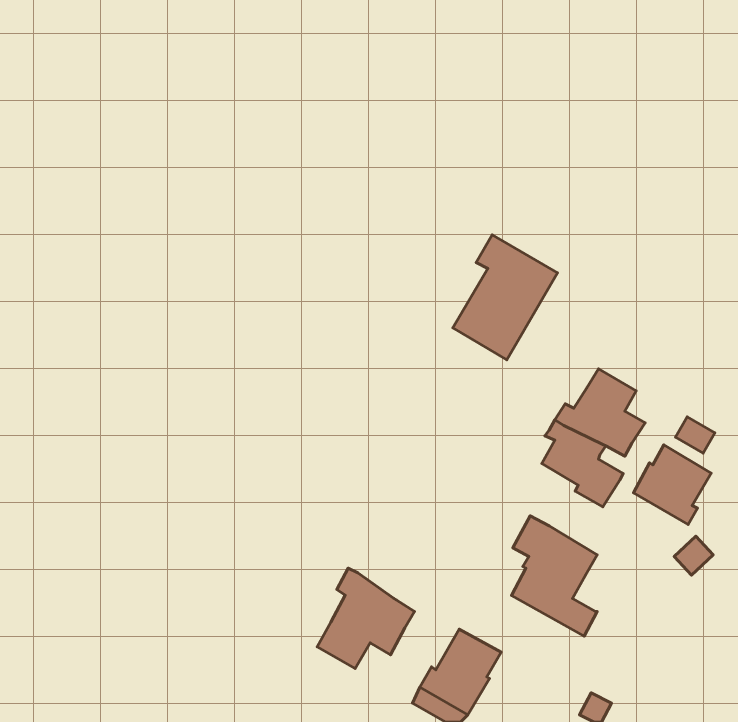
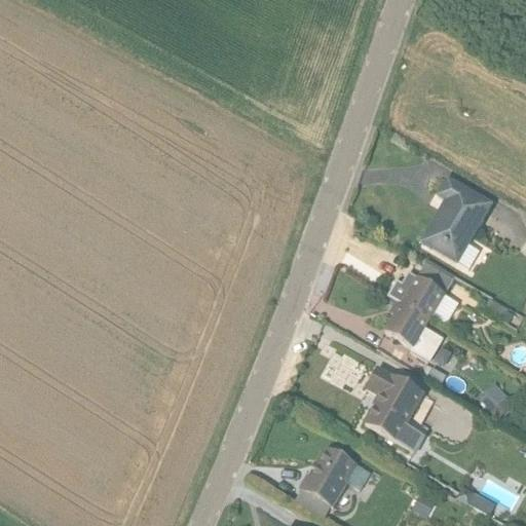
building: [453,235,558,360] -> [419,175,493,263]
building: [633,445,711,524] -> none
building: [317,568,414,669] -> none

